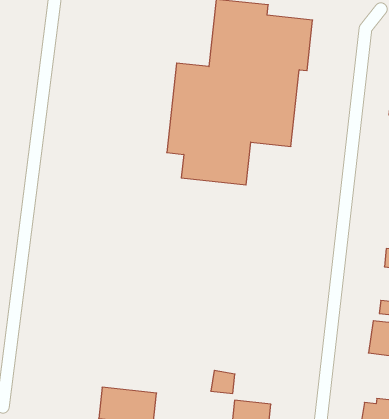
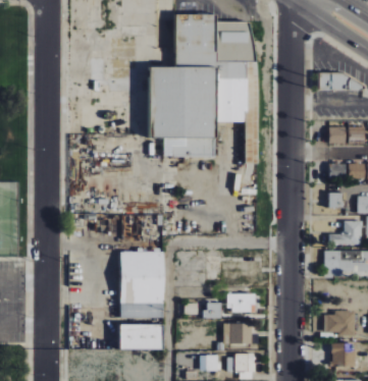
building: none -> [120,252,163,319]
building: none -> [226,293,256,312]

